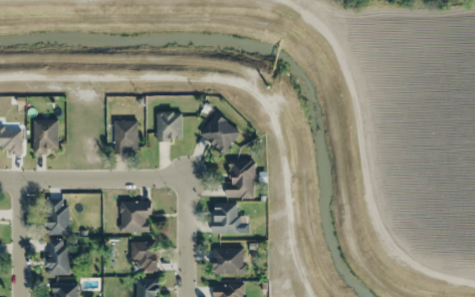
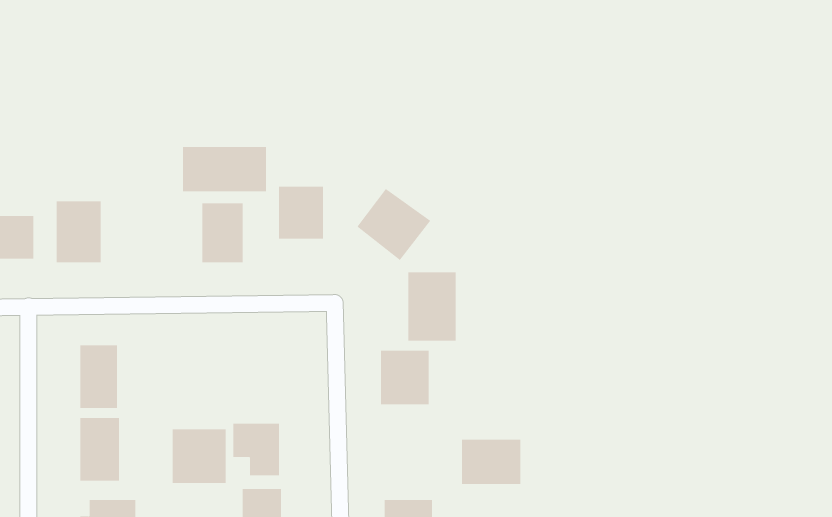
building: none -> [182,146,266,192]
building: [121,202,151,232] -> [172,429,227,484]
building: [212,248,245,273] -> [461,439,521,485]

